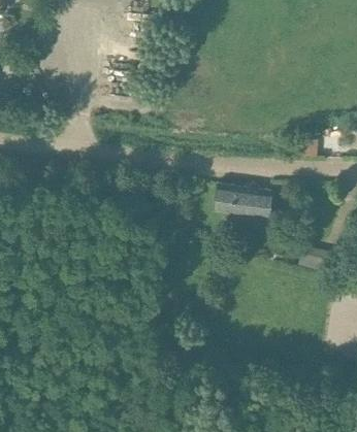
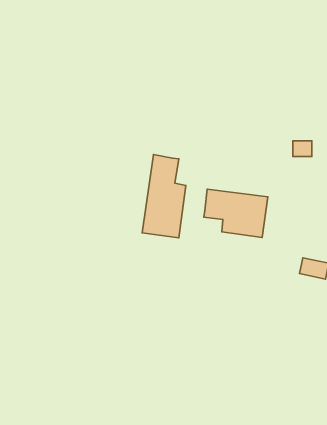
building: none -> [142,155,186,238]

